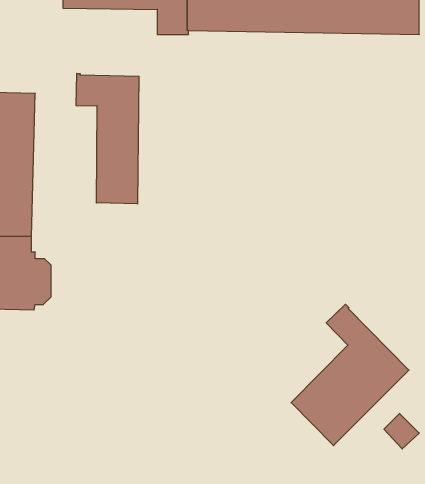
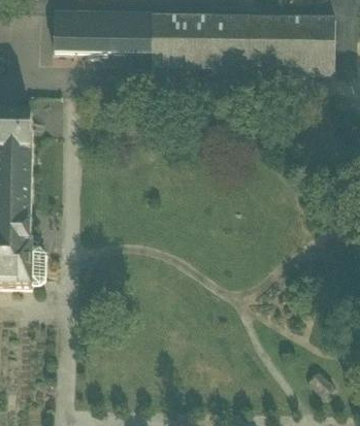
building: [76,73,139,204] -> none
building: [291,304,409,446] -> none

